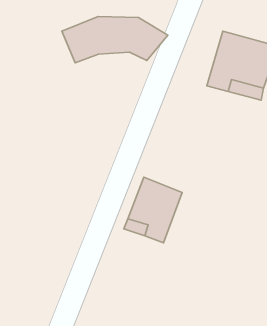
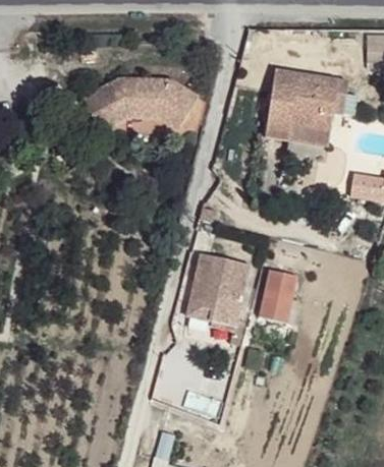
building: none -> [259,275,294,325]

